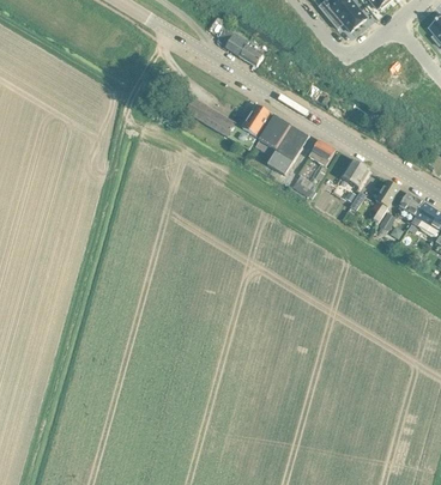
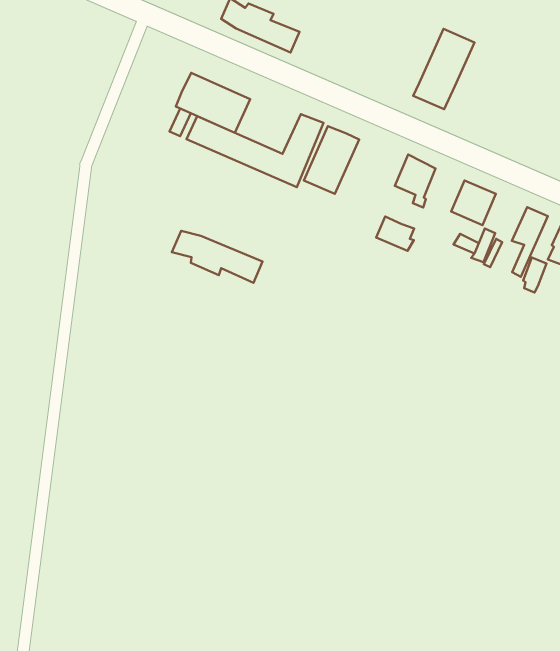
building: none -> [176,73,250,133]
building: [266,123,308,172] -> [413,29,475,109]
building: none -> [172,231,263,283]

